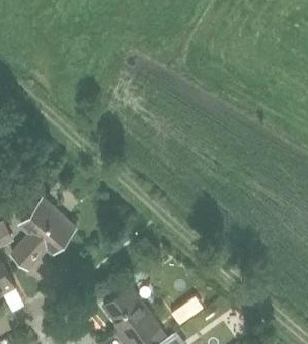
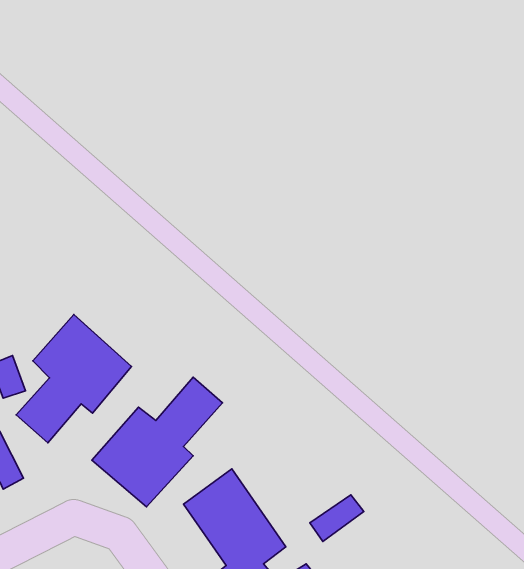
building: none -> [92,377,223,507]

